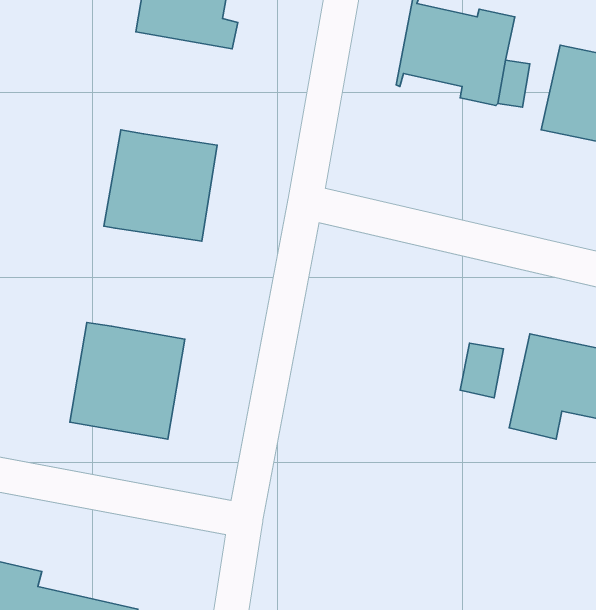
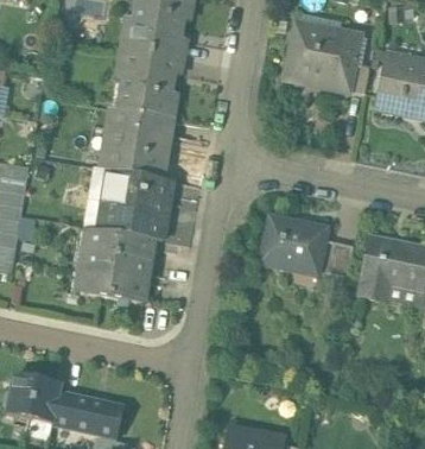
building: none -> [118,45,183,116]
building: none -> [103,169,172,239]
building: none -> [261,215,328,270]

